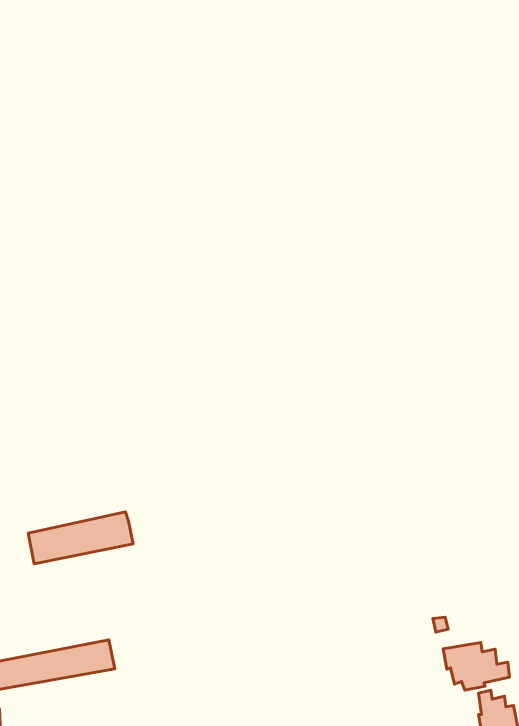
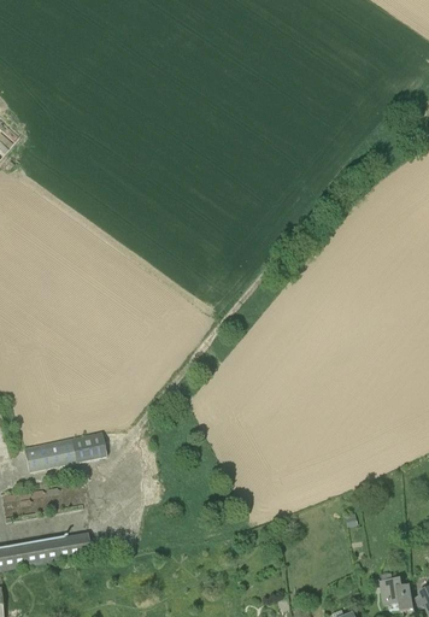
building: [443,643,510,690] -> none

